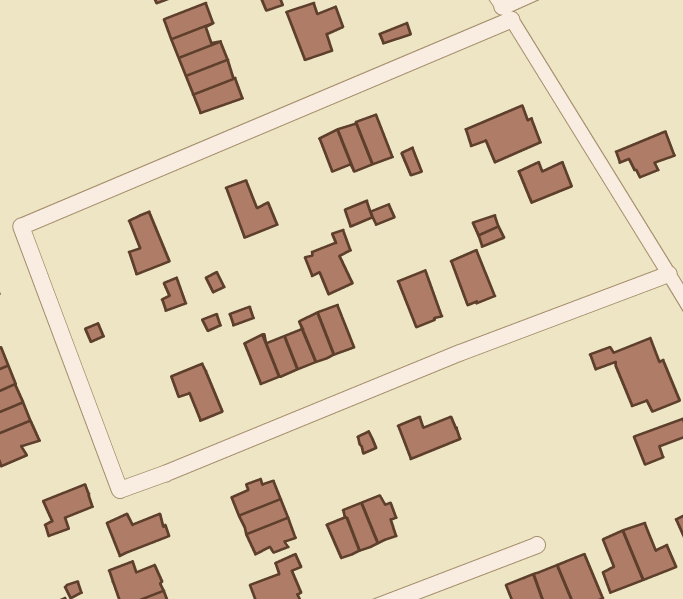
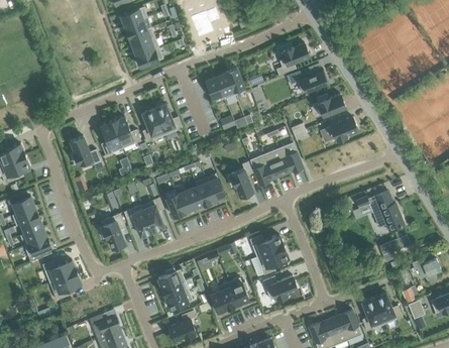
building: none -> [276,42,309,75]
building: [616,132,675,177] -> [325,117,357,142]
building: none -> [142,108,164,142]
building: none -> [112,116,141,148]
building: [305,230,352,294] -> [227,161,253,197]
building: none -> [70,136,101,164]
building: none -> [264,148,288,179]
building: none -> [143,198,163,231]
building: none -> [99,213,125,248]
building: none -> [251,246,289,275]
building: none -> [262,275,298,302]
building: [107,514,169,556] -> [42,259,77,282]

